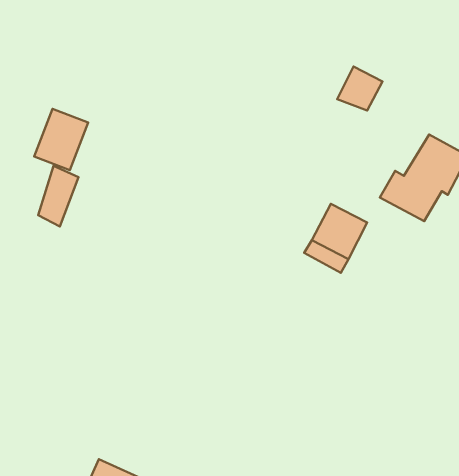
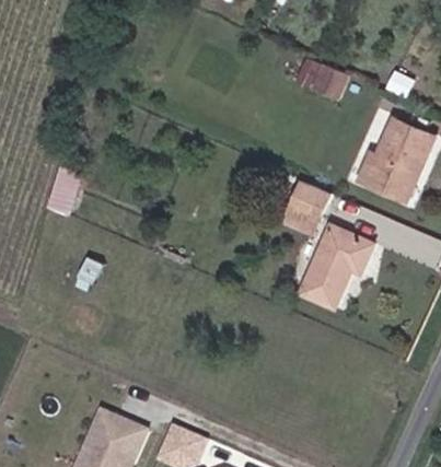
building: [34,109,88,170] -> none
building: none -> [293,236,373,318]

